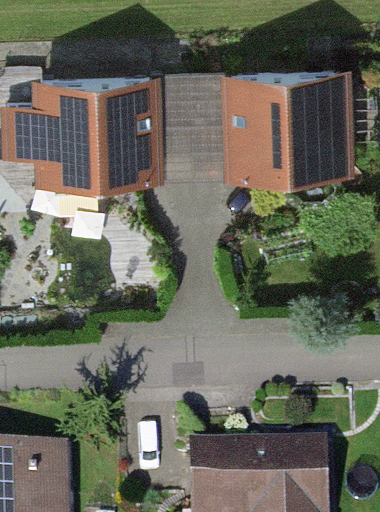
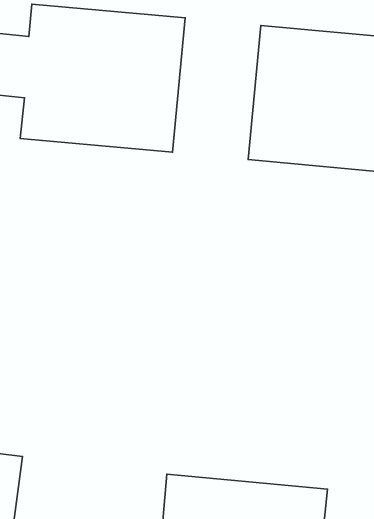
building: [156,73,223,187] -> none

